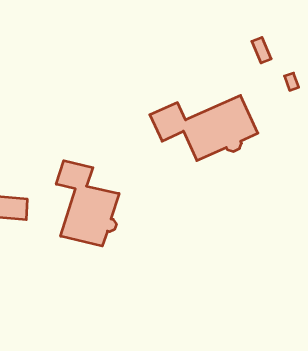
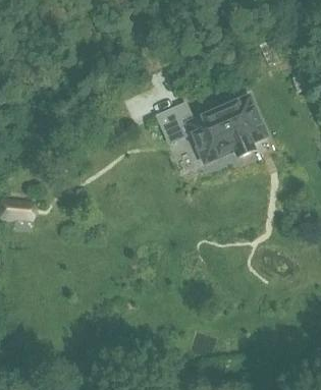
building: [56,161,119,246] -> none

